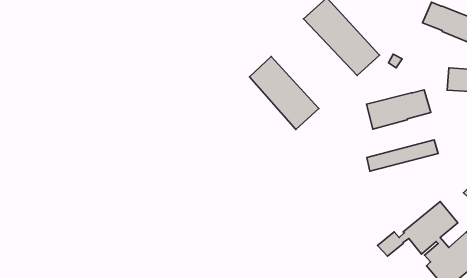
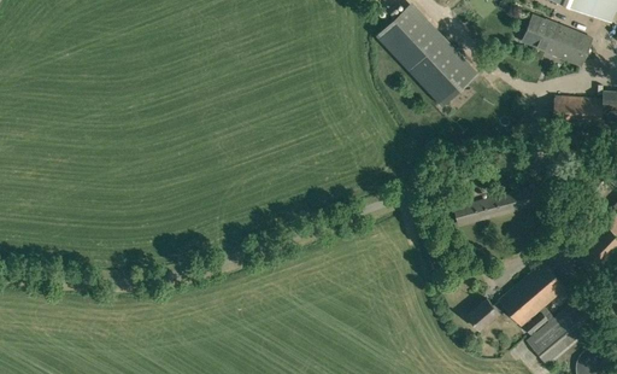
building: [249,57,319,130] -> none
building: [367,90,431,129] -> none

